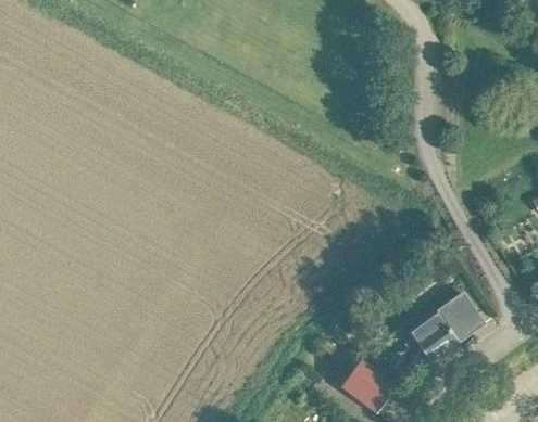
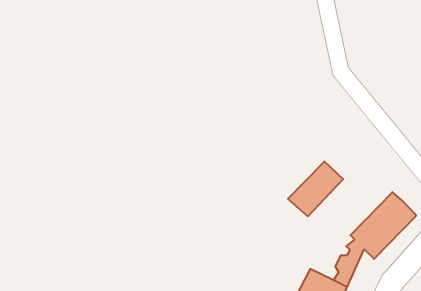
building: none -> [288,161,343,216]

